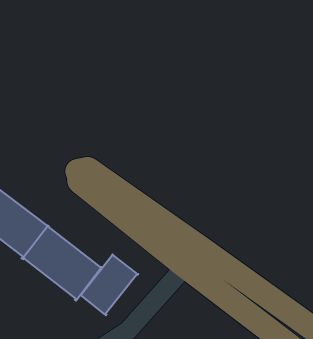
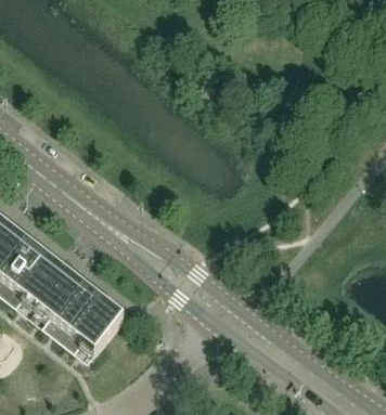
building: [80,254,138,315] -> none

